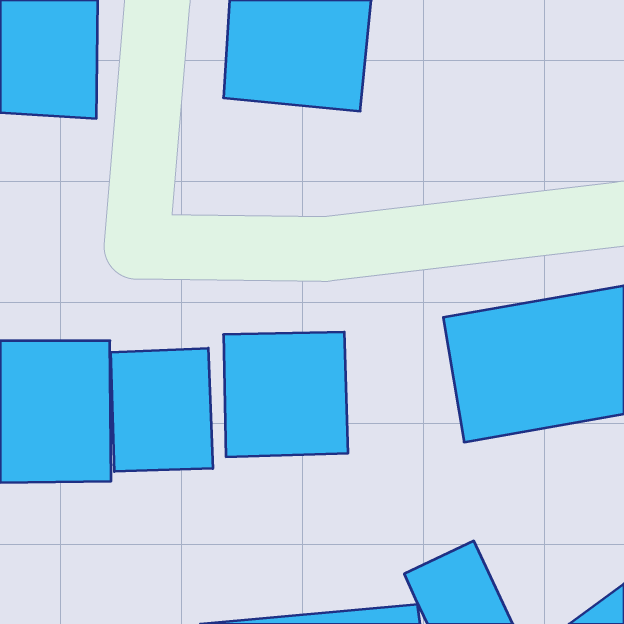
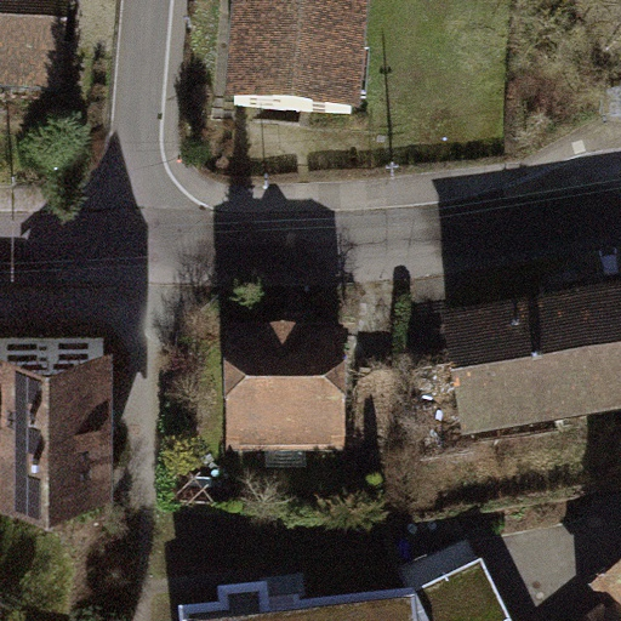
building: [111,348,213,472] -> none

